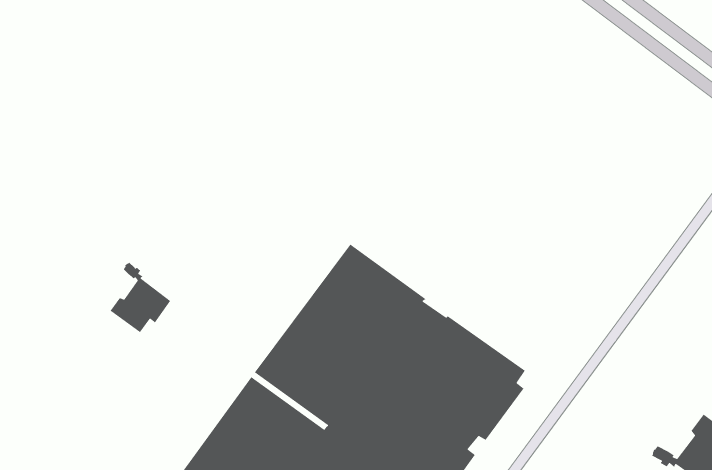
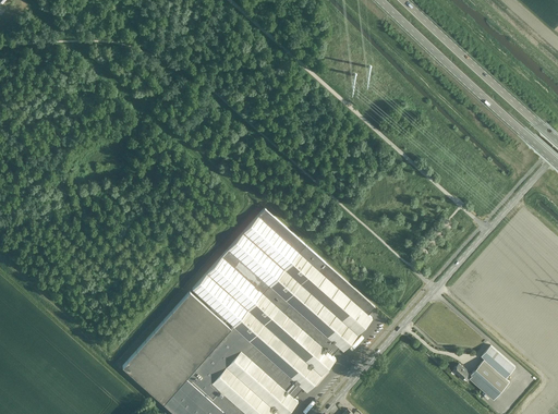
building: [109,261,171,333] -> none

